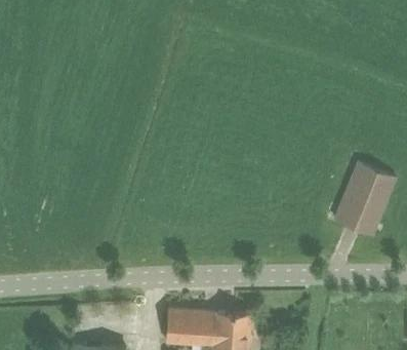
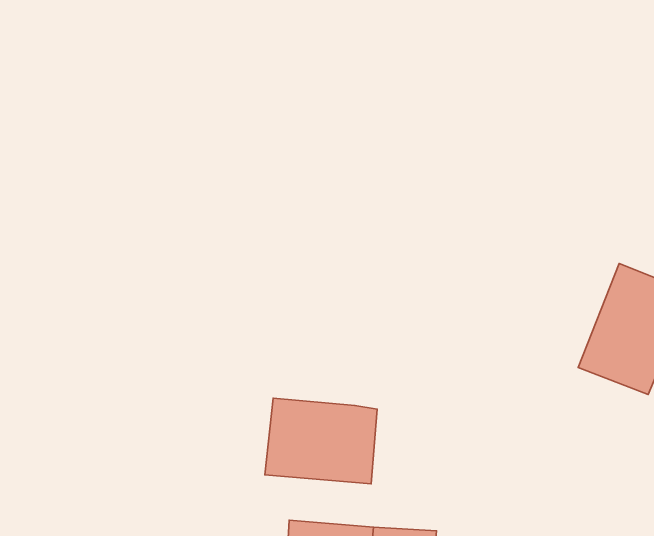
building: none -> [265,398,377,484]

